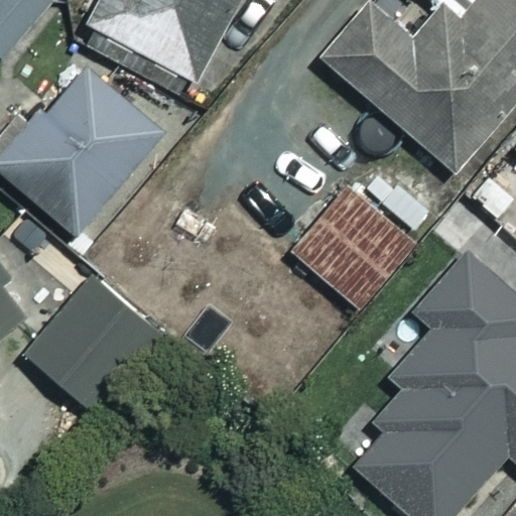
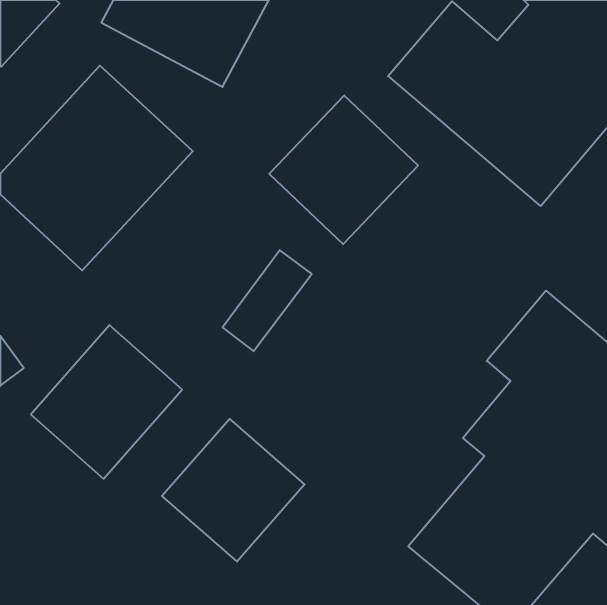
building: [291,182,417,308] -> [269,95,418,244]
building: none -> [162,419,305,562]

